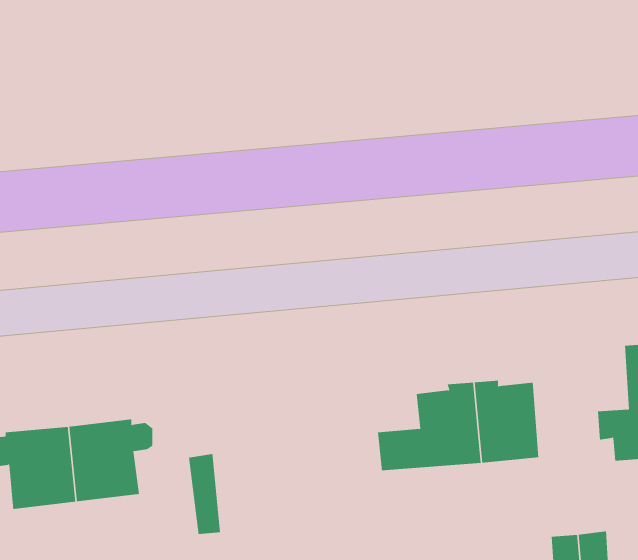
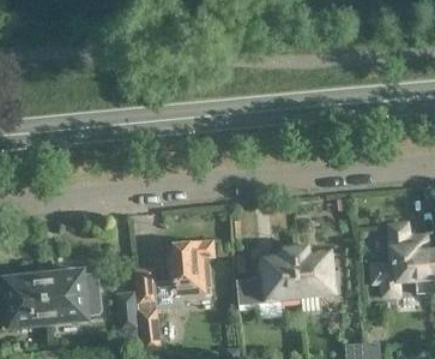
building: none -> [137,241,215,352]

